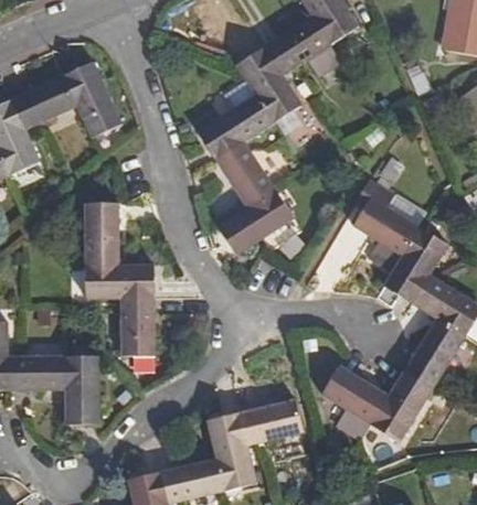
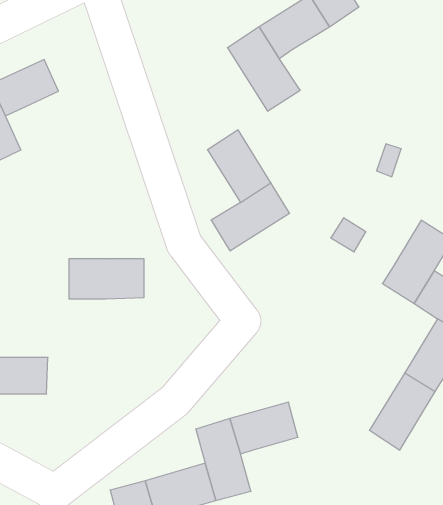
building: [63,60,124,137] -> none
building: [197,94,273,160] -> none
building: [351,191,417,270] -> none
building: [86,202,120,262] -> none
building: [120,299,158,357] -> none
building: [65,355,102,422] -> none
building: [319,365,386,423] -> none

